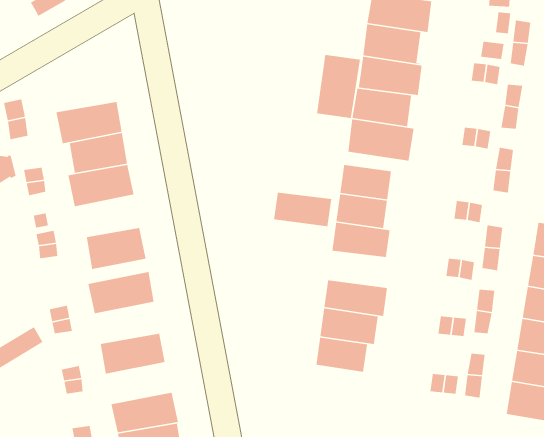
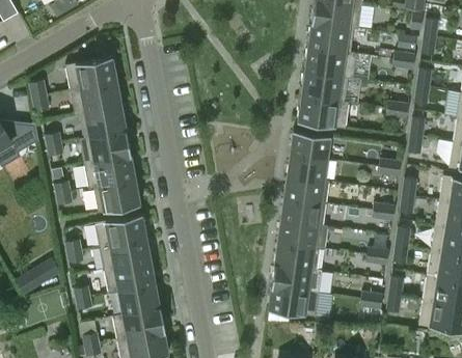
building: [316,46,361,119] -> none
building: none -> [65,57,117,91]
building: [273,192,335,228] -> [280,199,328,227]
building: none -> [84,156,135,189]
building: none -> [100,239,151,271]
building: none -> [112,285,160,318]
building: none -> [268,287,318,318]

